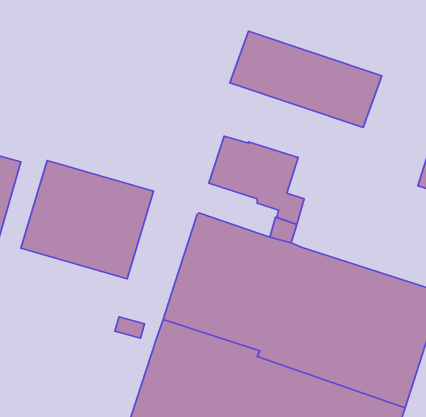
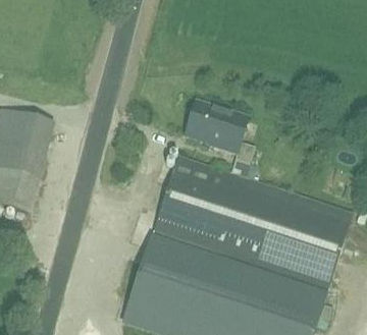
building: [230,31,382,127] -> none
building: [21,160,154,279] -> none

